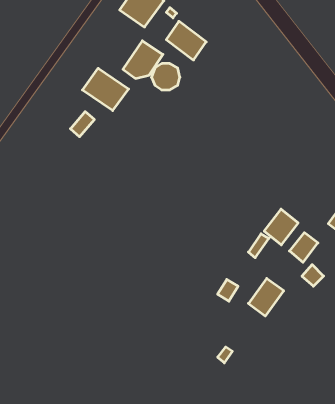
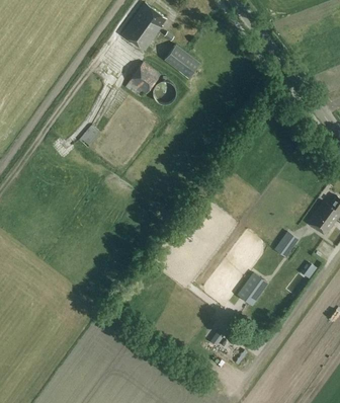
building: [82,68,129,111] -> none
building: [264,209,298,245] -> none

